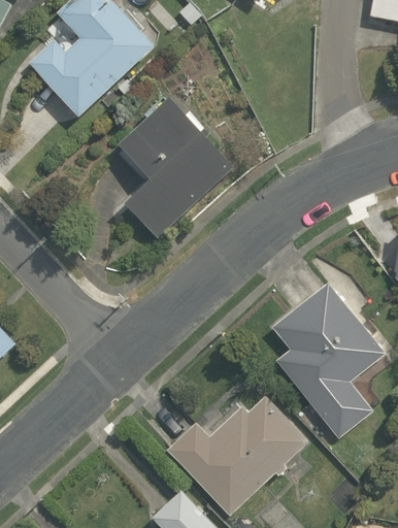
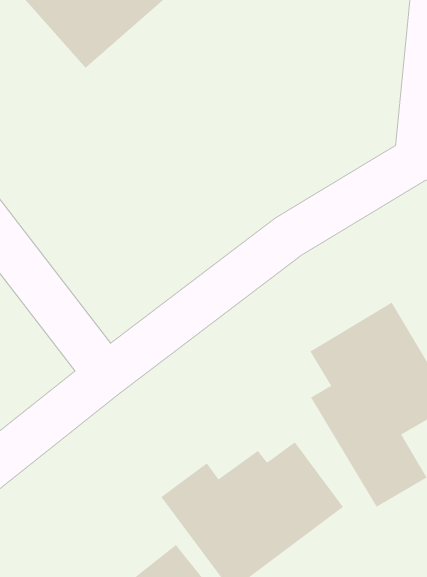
building: [108,91,235,240] -> none

